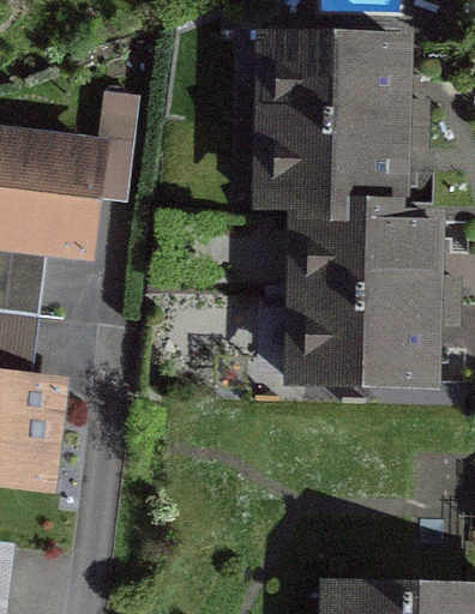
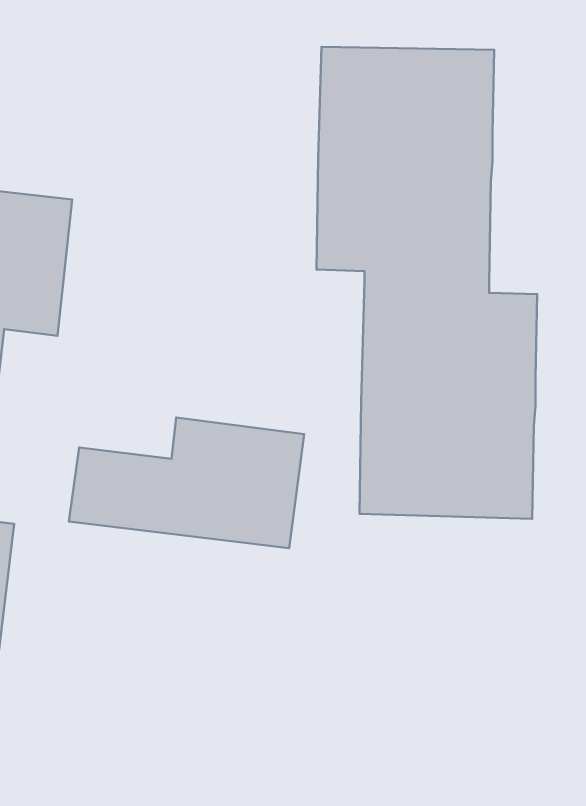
building: none -> [69,417,304,548]

